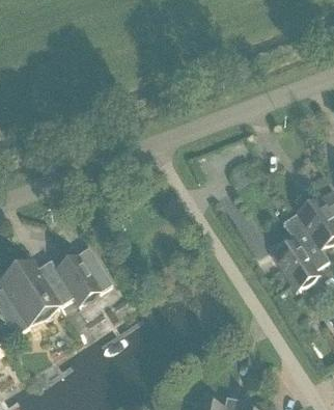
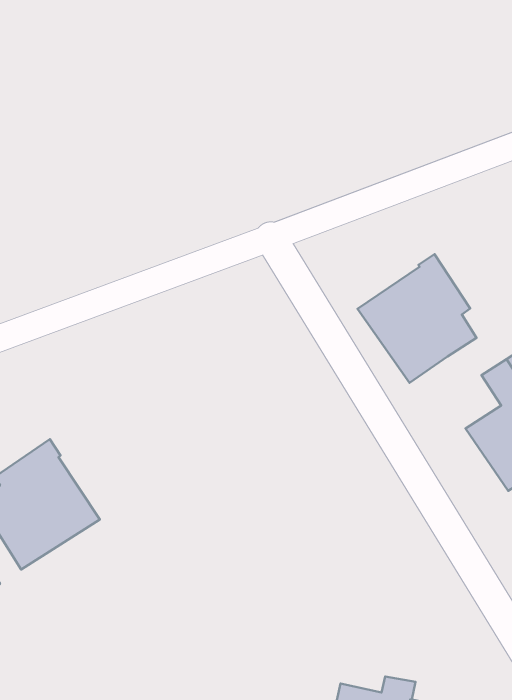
building: none -> [358,254,477,383]
building: [35,246,111,304] -> none

